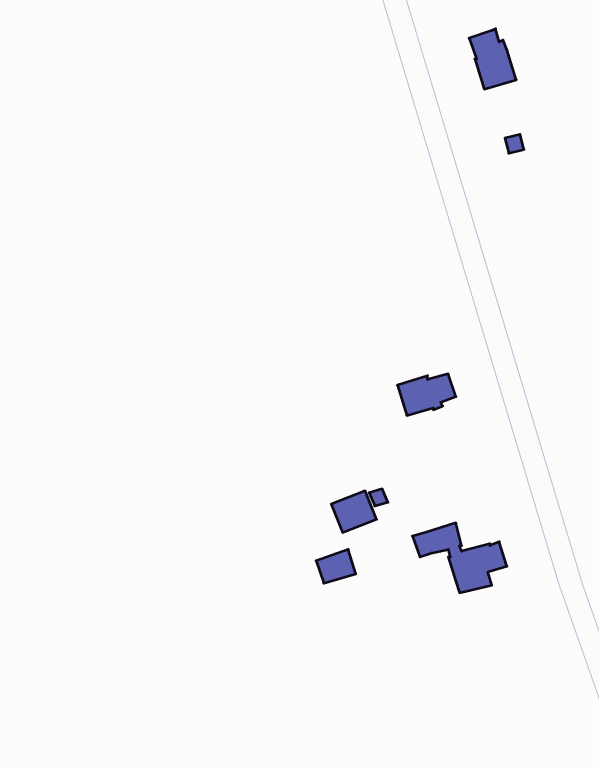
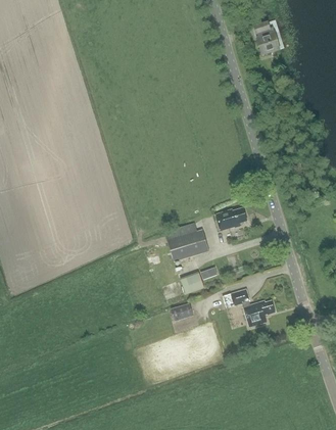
building: none -> [165,223,209,261]

